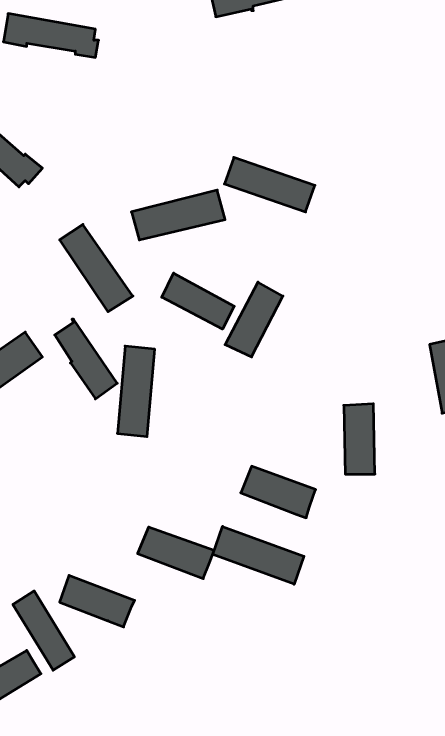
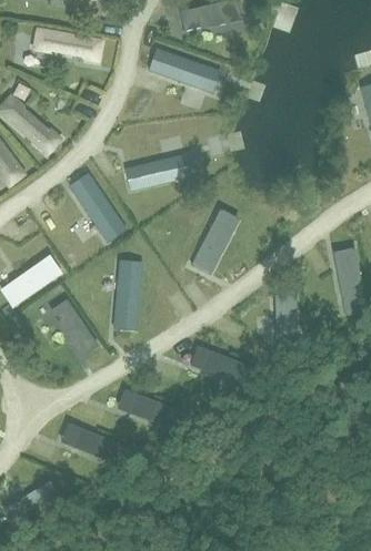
building: [224,157,315,212] -> [149,50,213,89]
building: [162,273,234,329] -> none
building: [55,319,117,399] -> [52,299,97,356]
building: [213,526,304,584] -> none
building: [13,591,74,670] -> none

